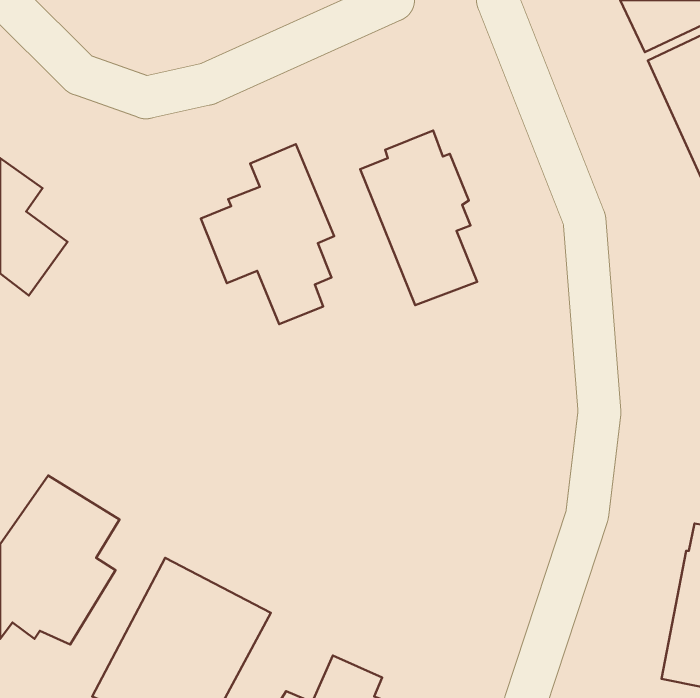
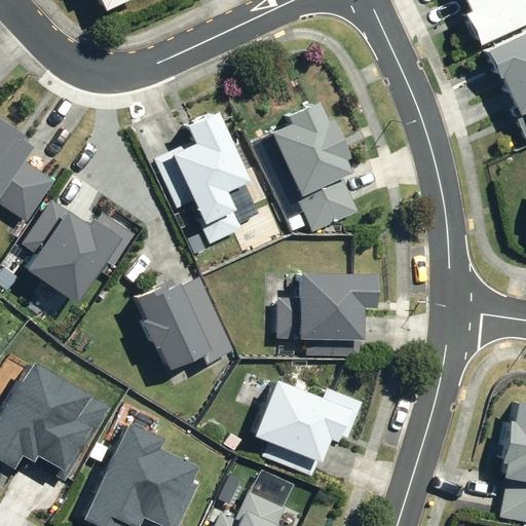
building: none -> [17,200,130,308]
building: none -> [259,273,380,361]
building: none -> [127,276,231,373]
building: none -> [250,375,362,458]

